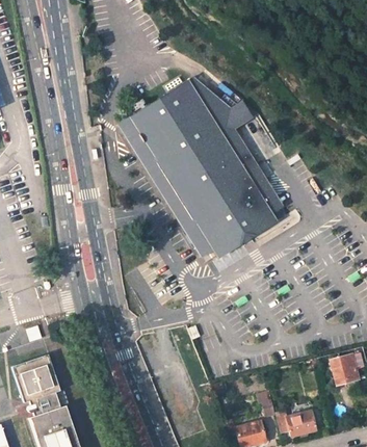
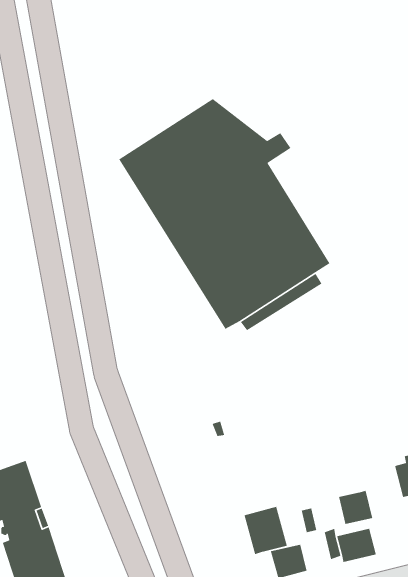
building: none -> [338,490,373,525]
building: none -> [243,506,288,555]

